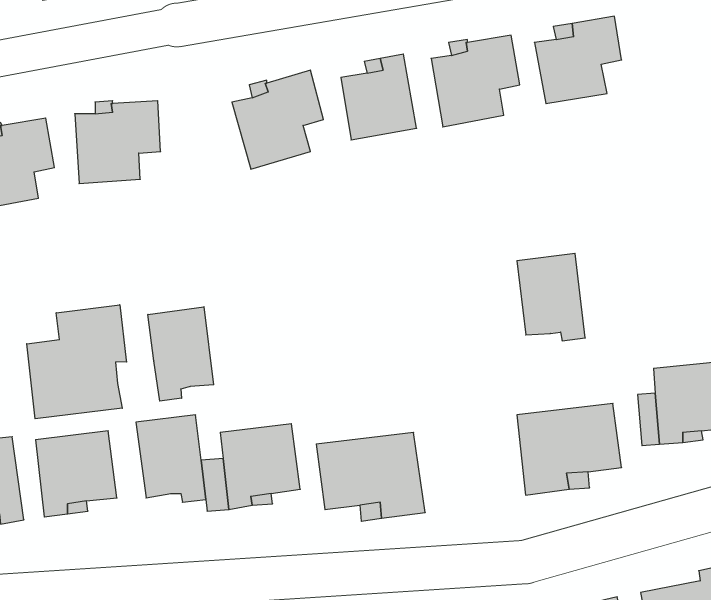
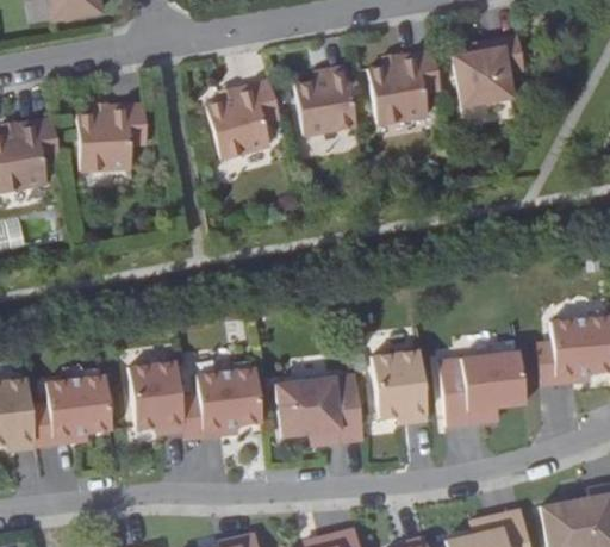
building: [517,253,585,341] -> [372,349,428,421]
building: [27,305,127,419] -> none
building: [148,307,214,401] -> none

